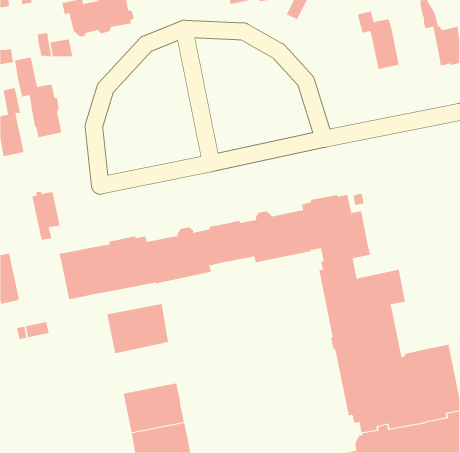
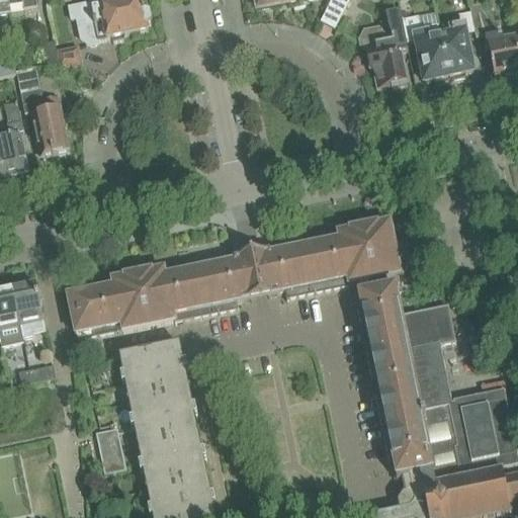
building: none -> [359,5,408,85]
building: none -> [440,9,474,73]
building: [31,191,60,243] -> [11,278,44,337]
building: none -> [128,384,198,442]
building: none -> [95,425,125,470]

